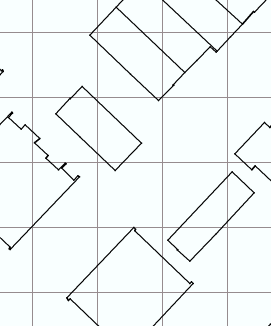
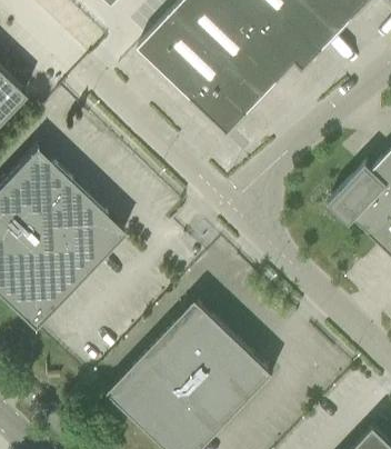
building: [56,87,142,170] -> none
building: [168,172,254,261] -> none

